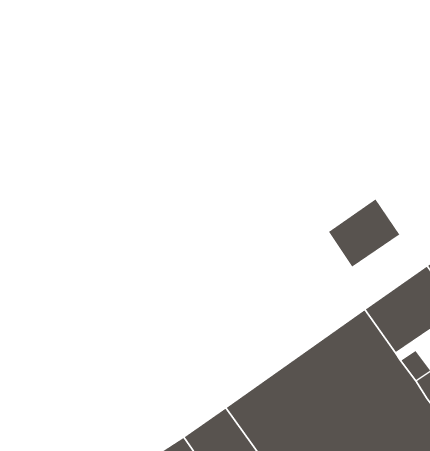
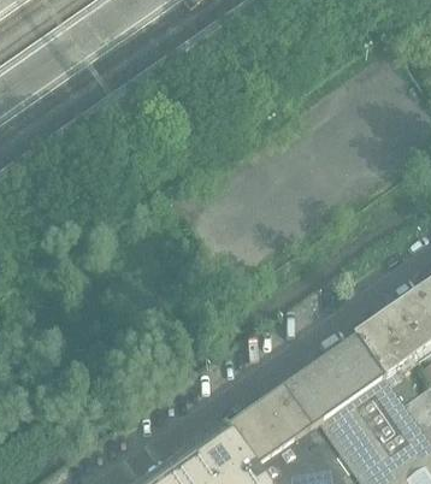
building: [328,198,400,268] -> none

